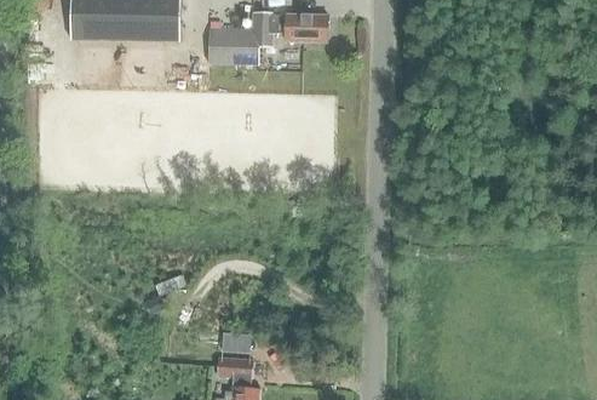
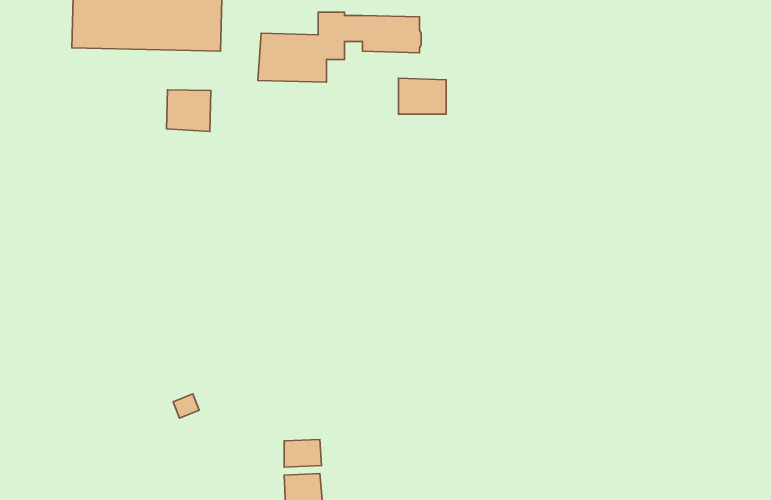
building: none -> [398,78,446,114]
building: none -> [167,90,211,132]

